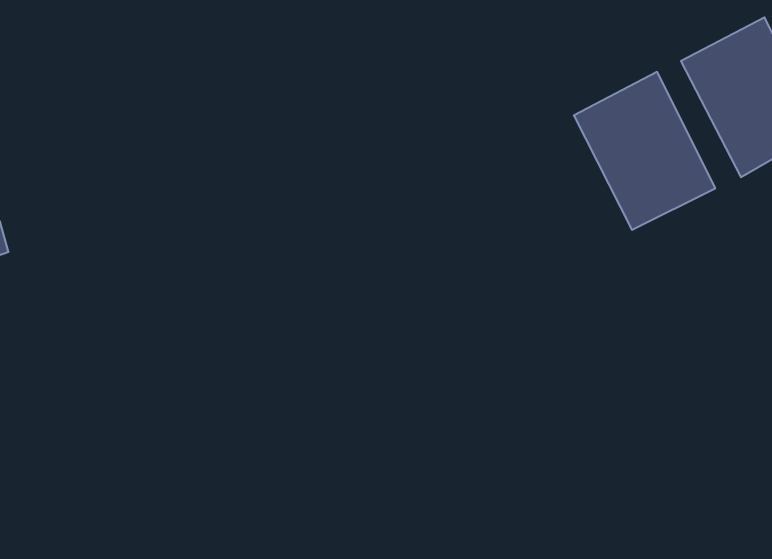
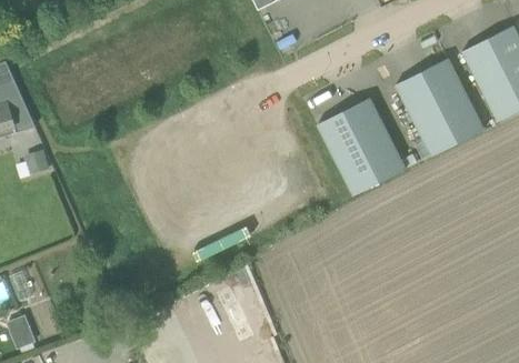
building: none -> [317,99,405,195]

